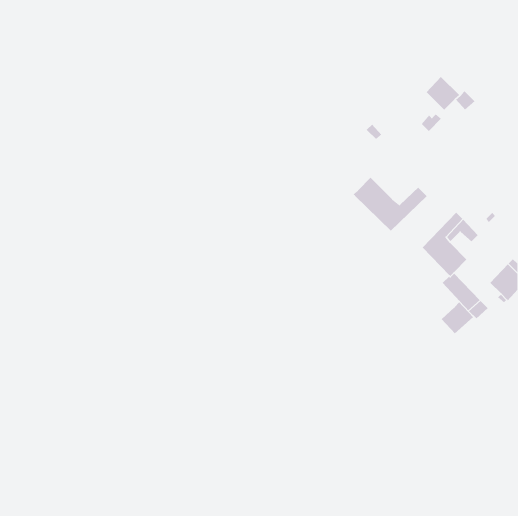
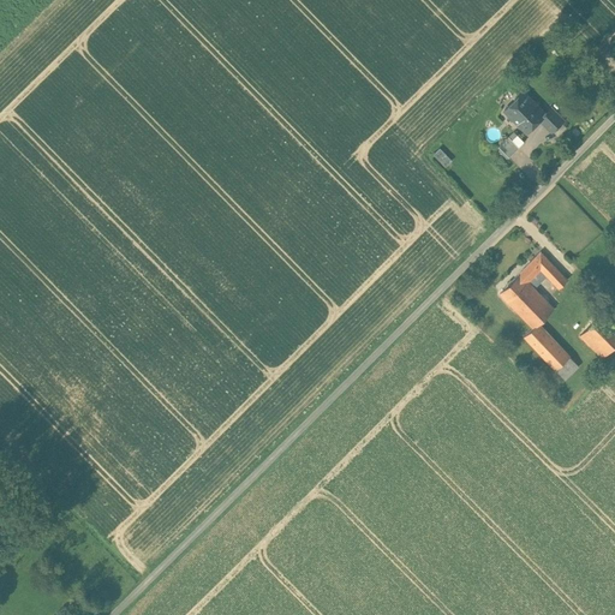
building: [353,177,427,231] -> none
building: [441,301,474,334] -> none

